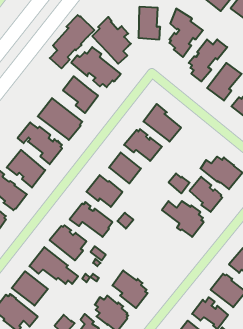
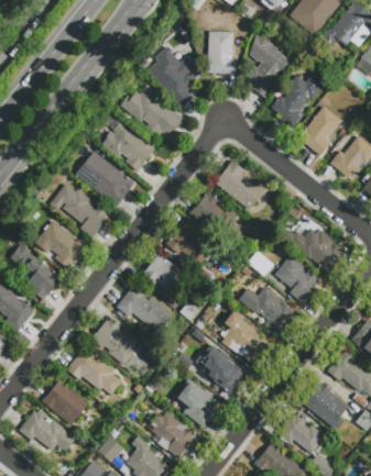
building: [50,15,94,68] -> none
building: none -> [221,310,269,363]
building: none -> [198,348,244,395]

